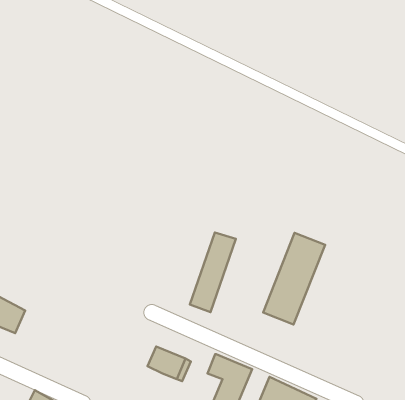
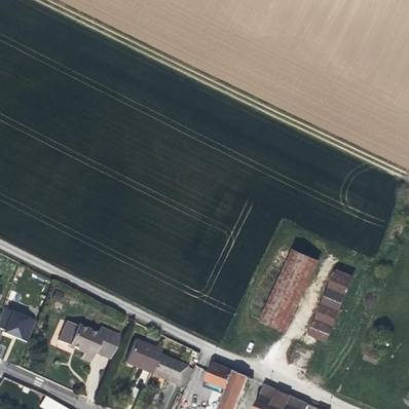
building: [190,232,236,312] -> [309,267,352,342]
building: none -> [59,320,120,361]
building: none -> [125,339,161,372]

